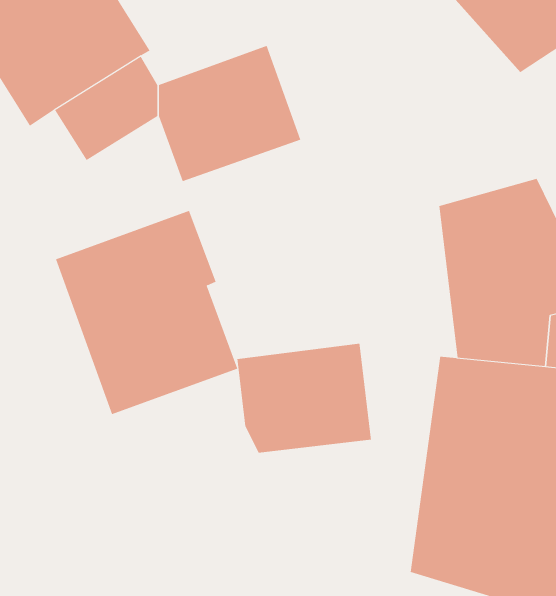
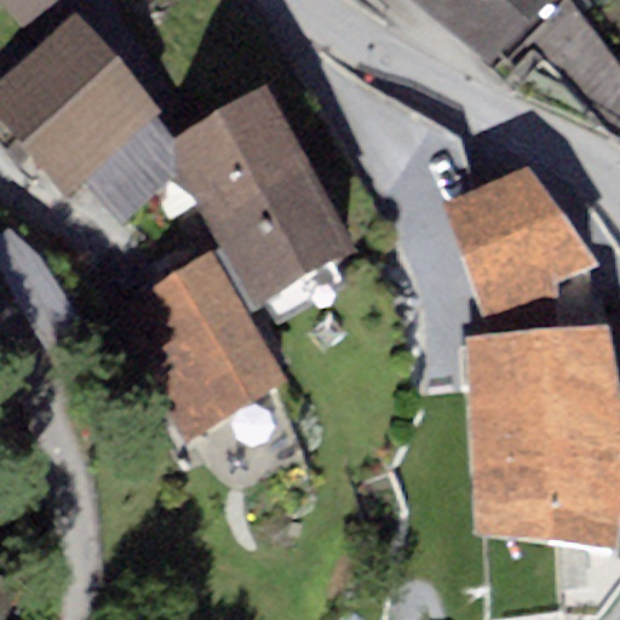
building: none -> [212,163,360,303]
building: [237,343,372,454] -> none

